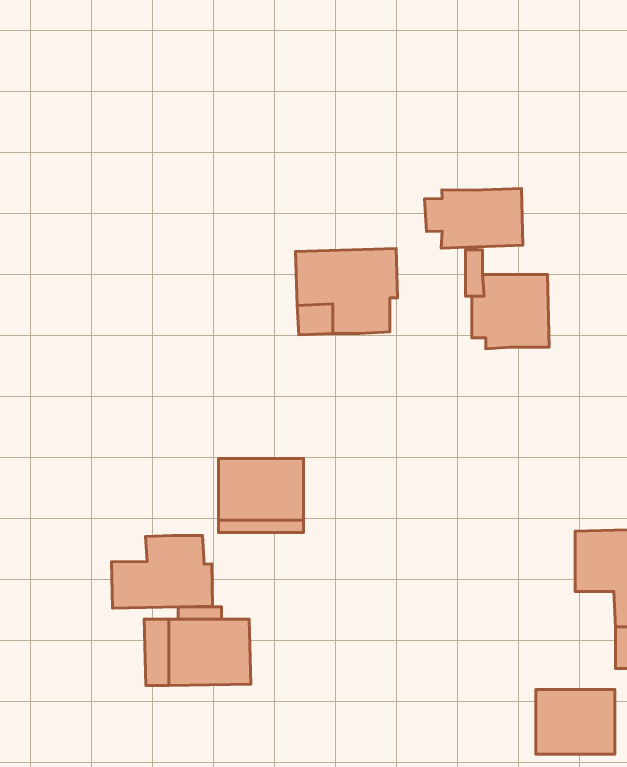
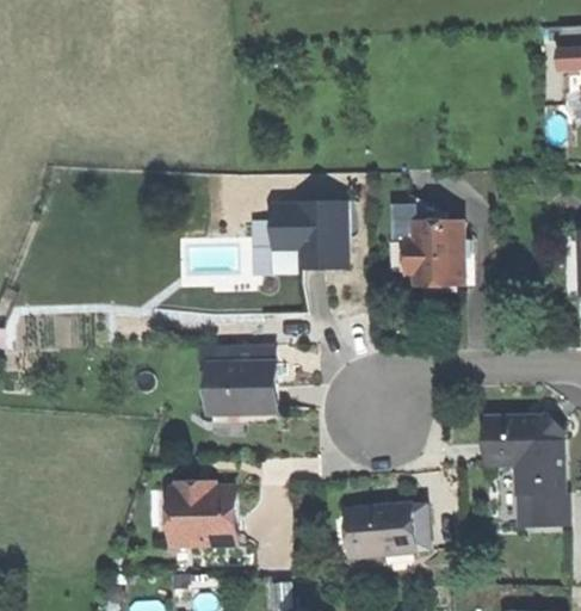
building: [425,188,523,248] -> none
building: [112,535,213,608] -> none
building: [536,689,615,754] -> [358,500,419,550]

